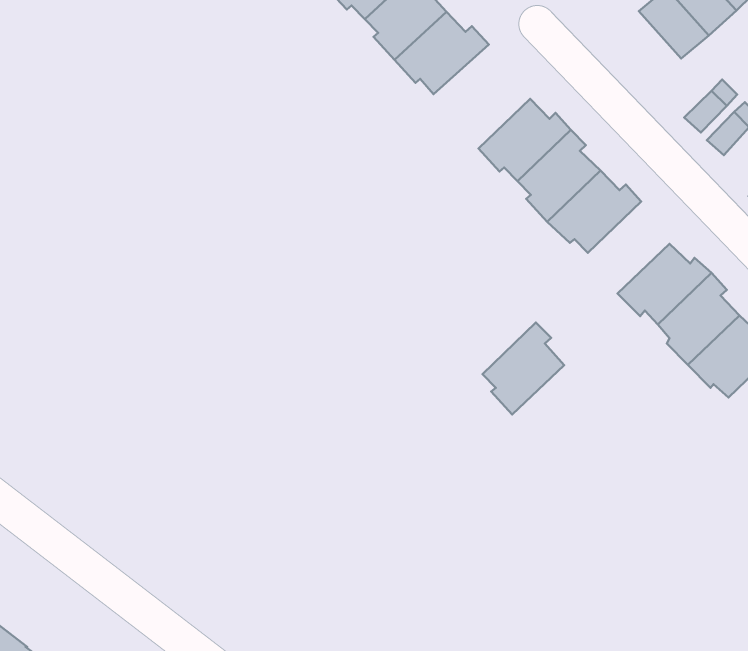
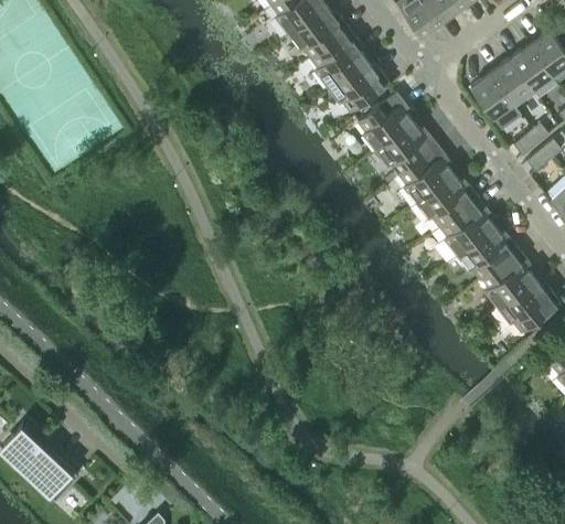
building: none -> [470,72,521,129]
building: none -> [358,92,413,150]
building: [483,323,564,415] -> [439,196,493,255]

